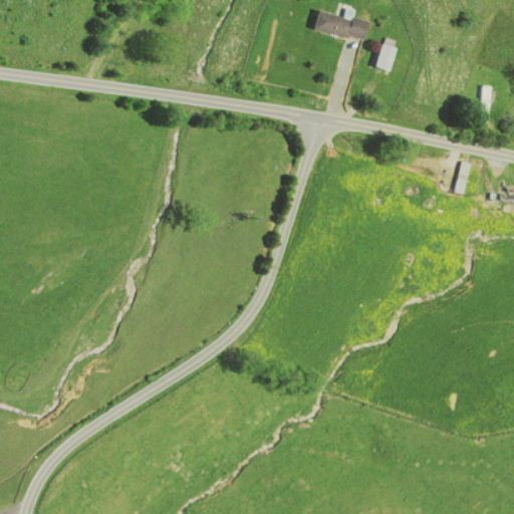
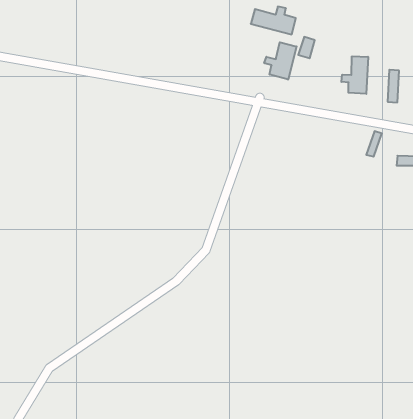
building: none -> [264,42,297,80]
building: none -> [341,56,368,94]

